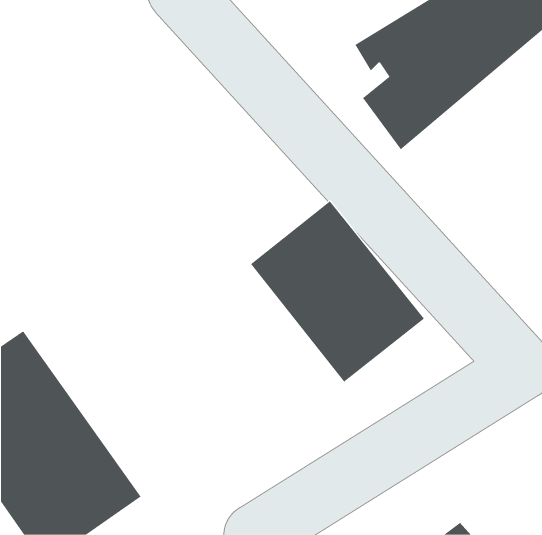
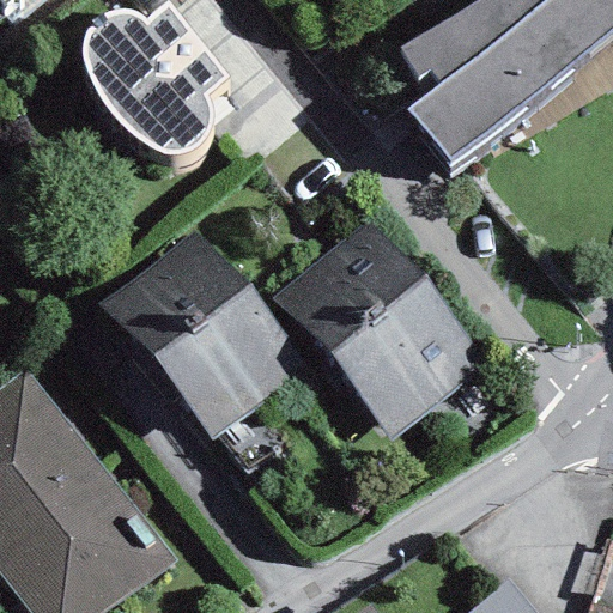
building: none -> [85,6,226,152]
building: none -> [105,230,302,435]

